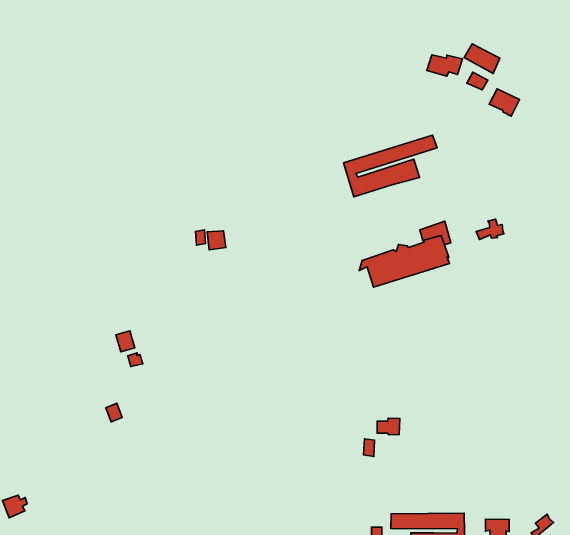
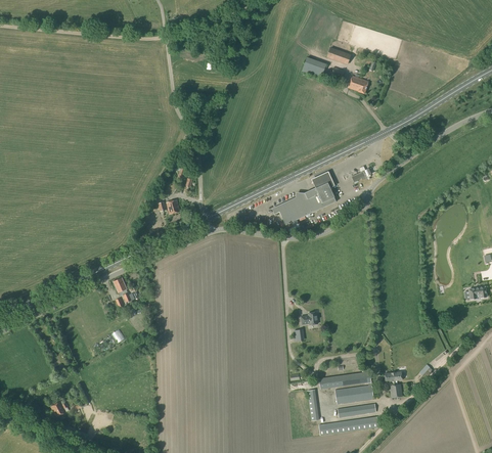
building: [344,135,437,197] -> none

